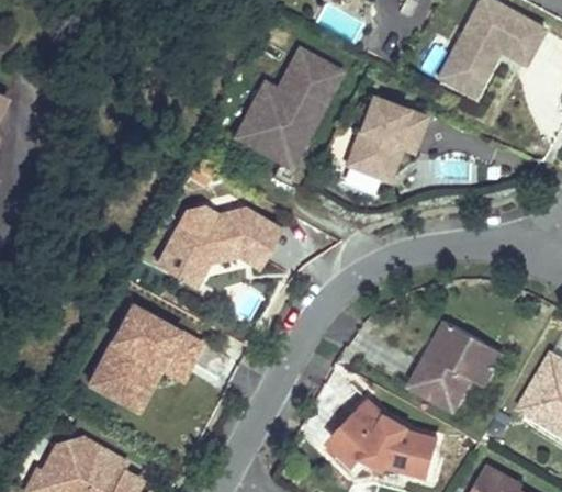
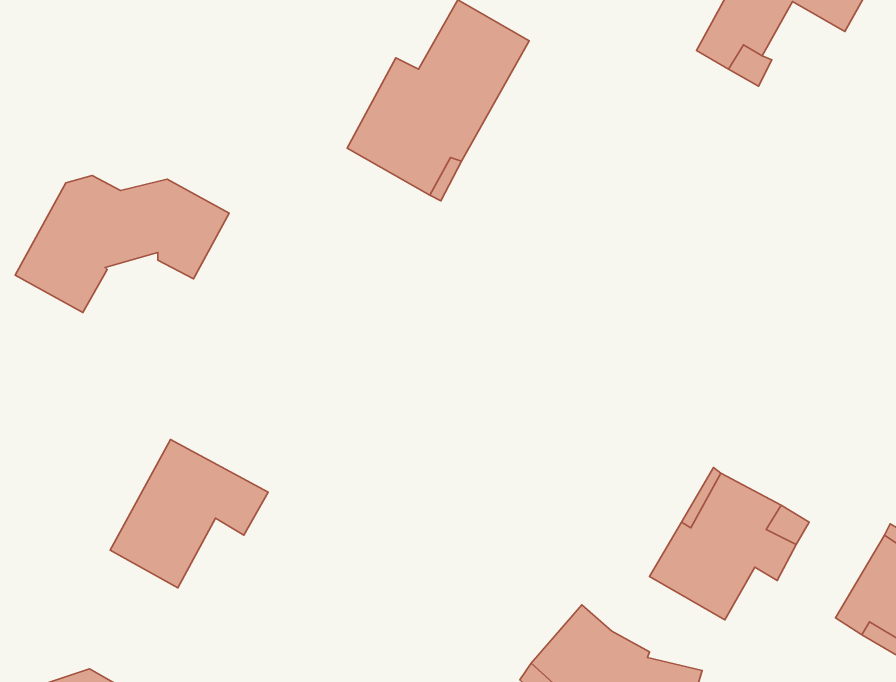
building: [346,97,426,179] -> none
building: [157,204,282,284] -> [15,175,229,313]
building: [88,335,202,410] -> none

